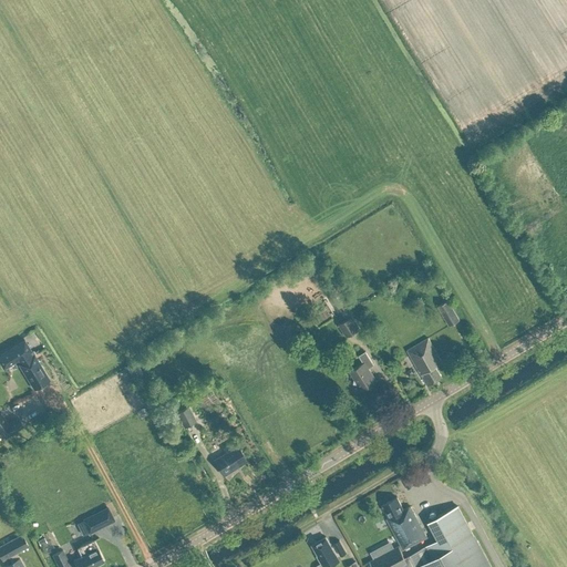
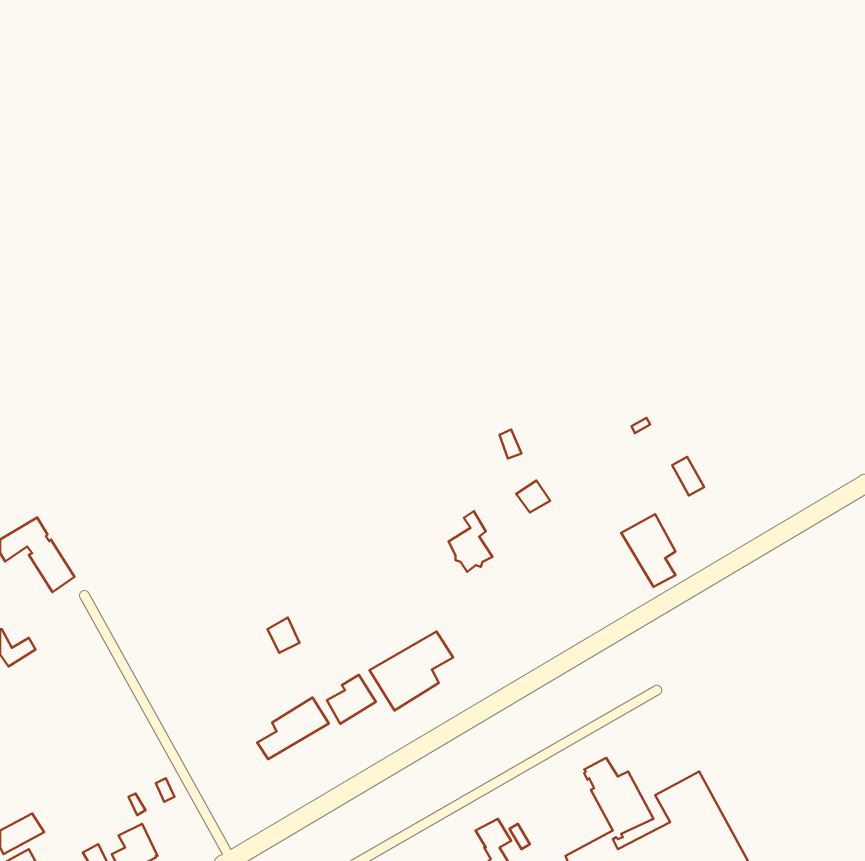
building: [349,352,378,392] -> [449,511,493,572]
building: none -> [369,632,453,711]
building: none -> [257,697,329,759]

